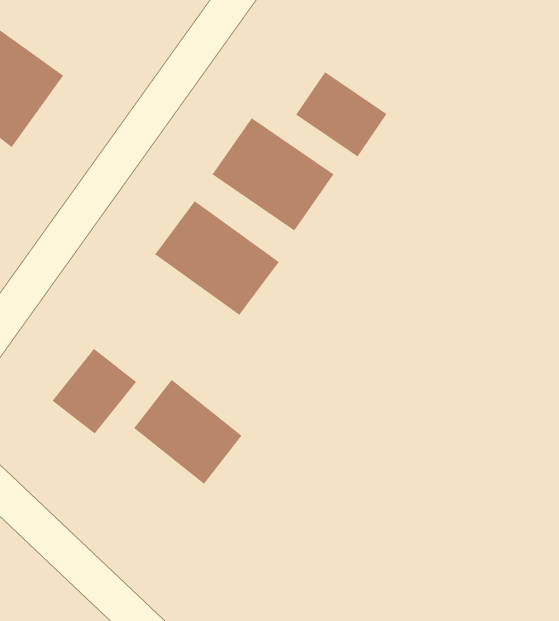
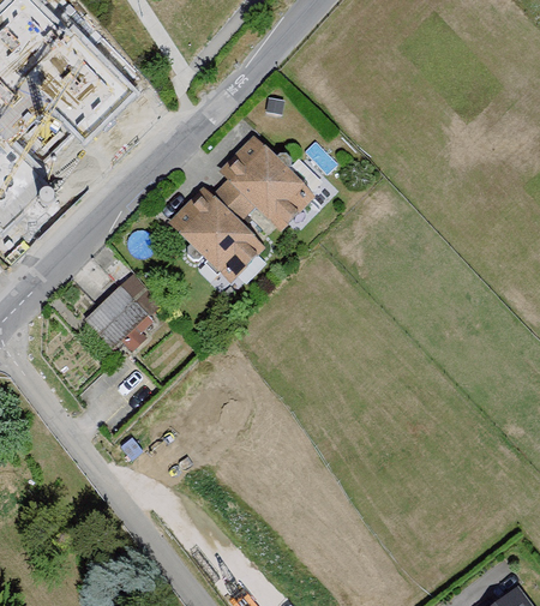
building: [295,71,387,158] -> none
building: [133,379,242,485] -> none

